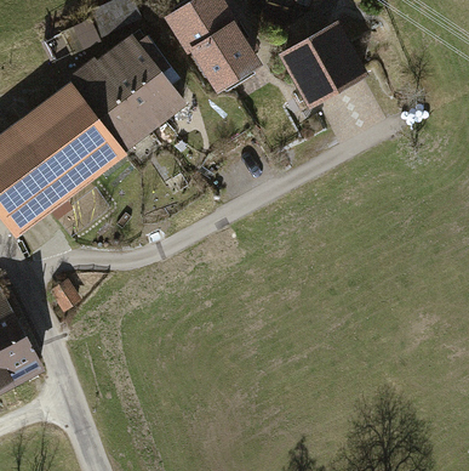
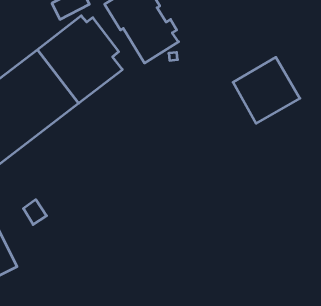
building: [278,21,368,110] -> [233,57,300,123]

